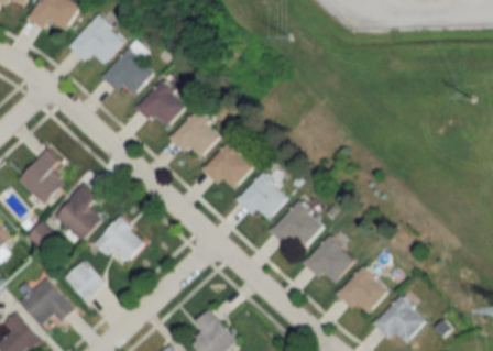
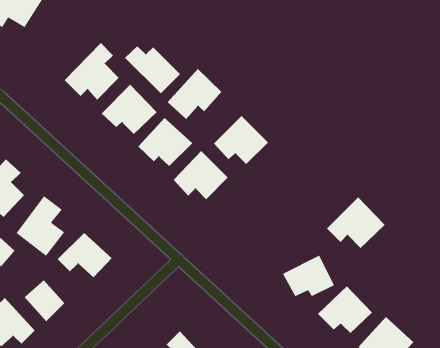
building: [67,13,124,63] -> none
building: none -> [124,46,181,94]
building: none -> [167,68,222,120]
building: [235,172,287,218] -> [213,115,269,165]
building: [269,200,324,249] -> [326,197,386,249]

